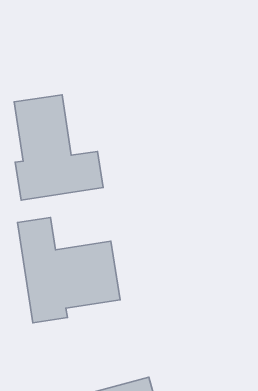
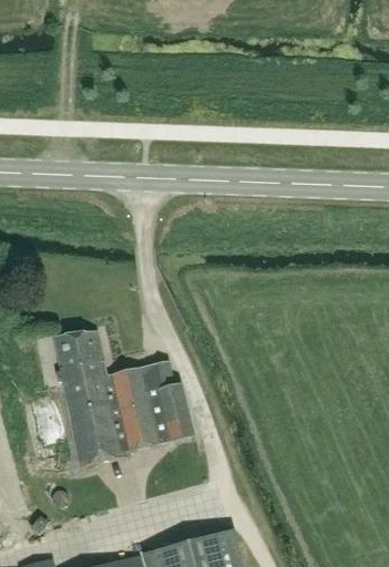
building: [14,95,103,200] -> none

